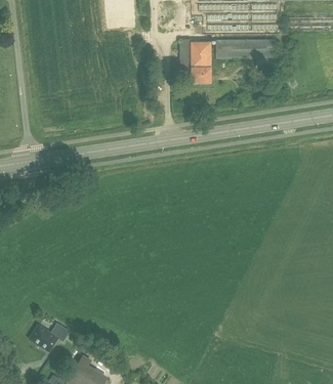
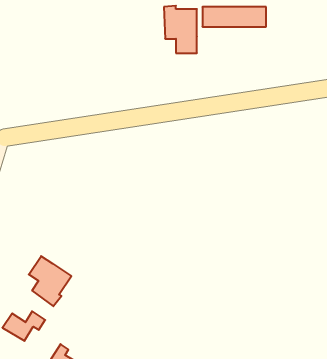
building: none -> [29,256,71,306]

